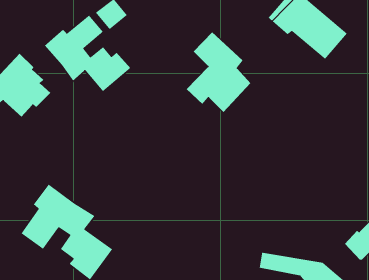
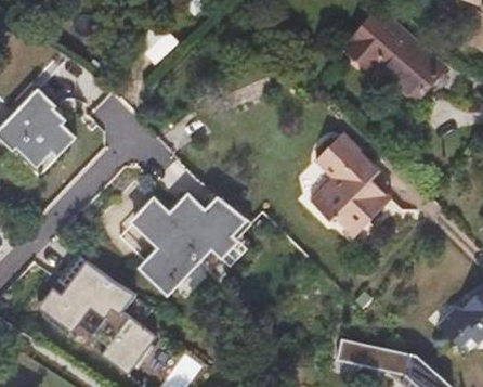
building: [44,15,131,92] -> none
building: [186,32,251,113] -> [305,132,387,233]
building: none -> [131,189,243,281]

